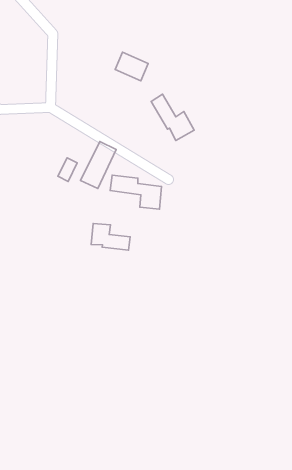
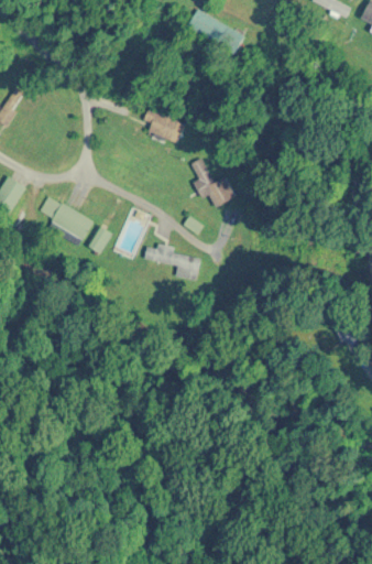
building: none -> [35,196,94,246]
building: [91,223,130,250] -> none

